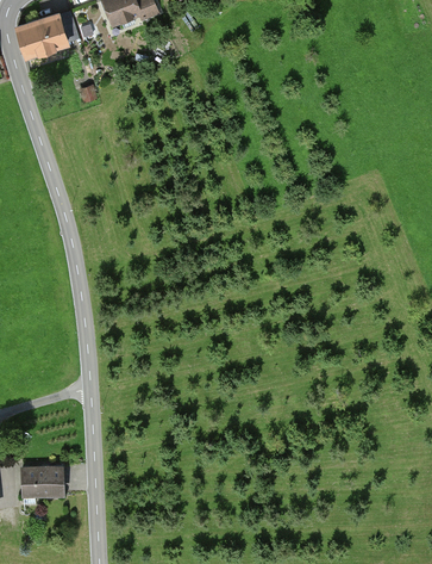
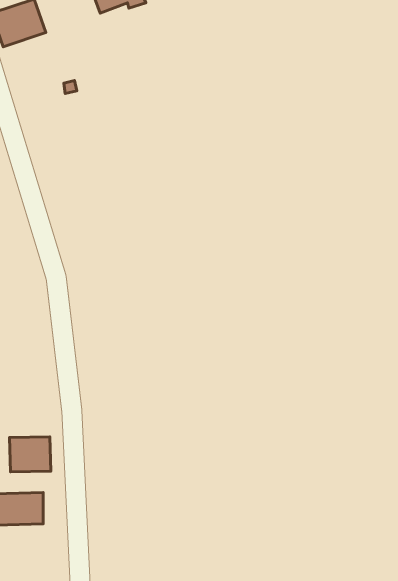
building: none -> [10,437,51,472]

